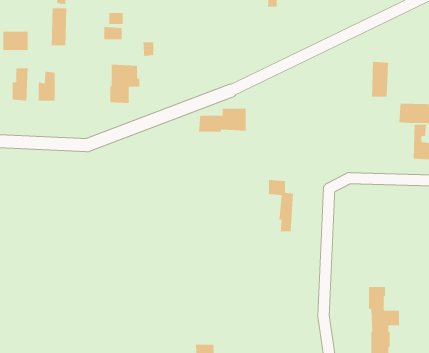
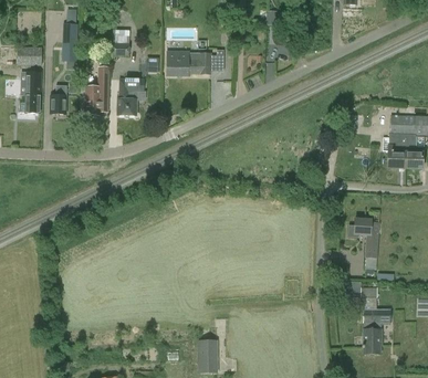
building: none -> [85,65,109,114]
building: [371,61,389,98] -> [387,133,404,167]
building: [198,108,247,133] -> [166,52,211,75]
building: [268,179,294,232] -> [354,218,378,267]

